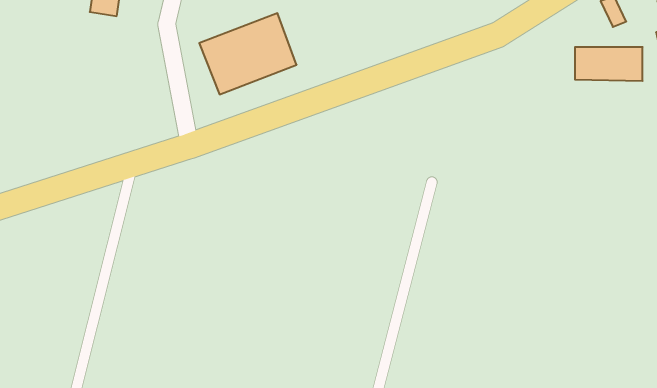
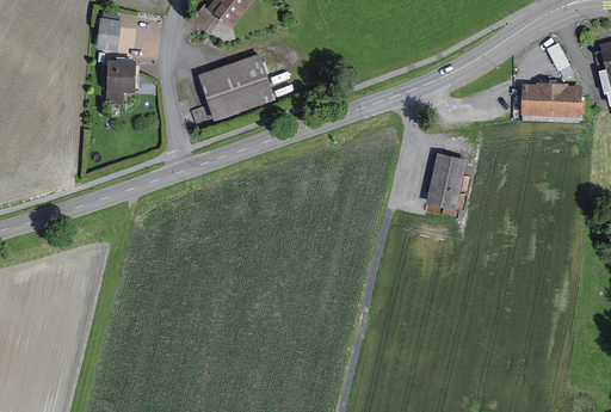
building: none -> [109,60,143,91]
building: none -> [427,154,463,207]

